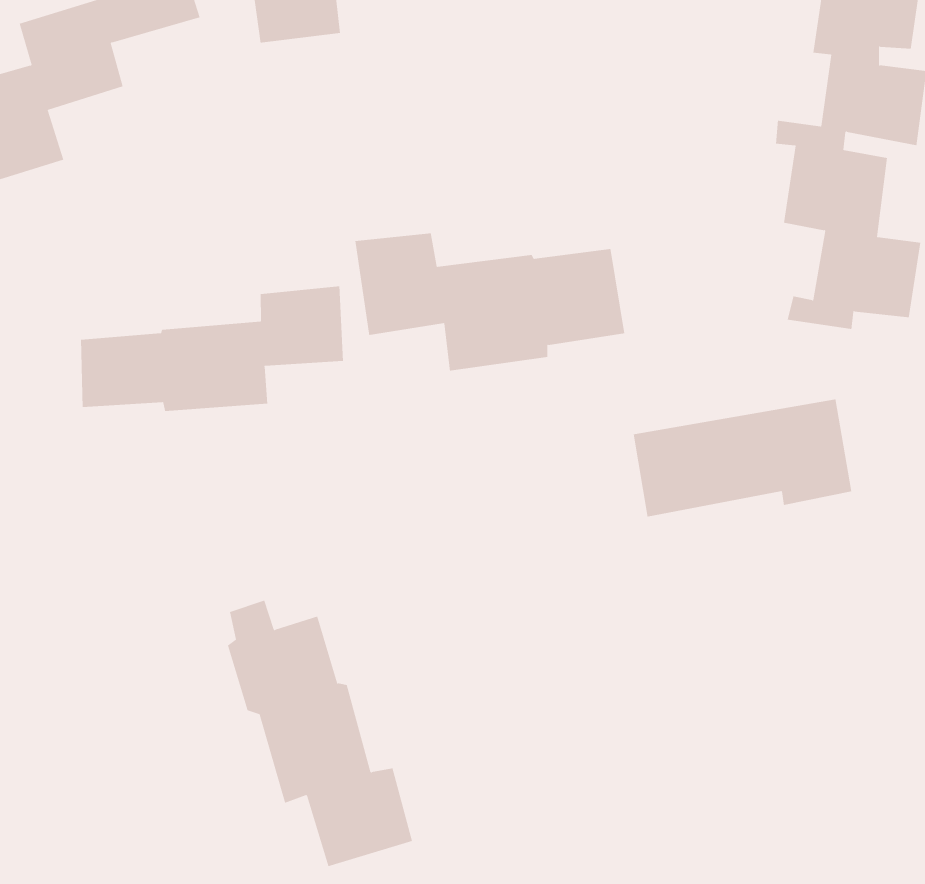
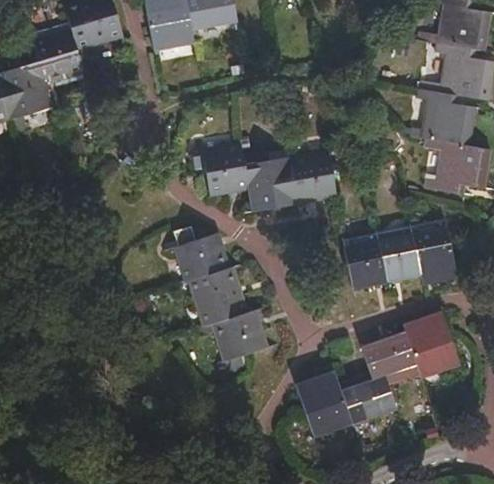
building: [81,285,343,412] -> none
building: none -> [292,314,459,440]
building: [227,600,413,867] -> [172,225,266,360]

